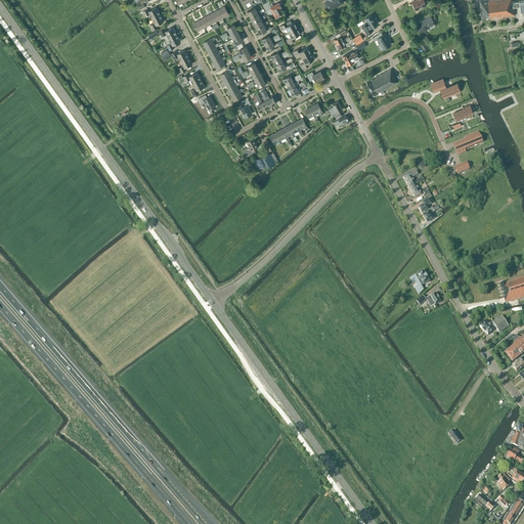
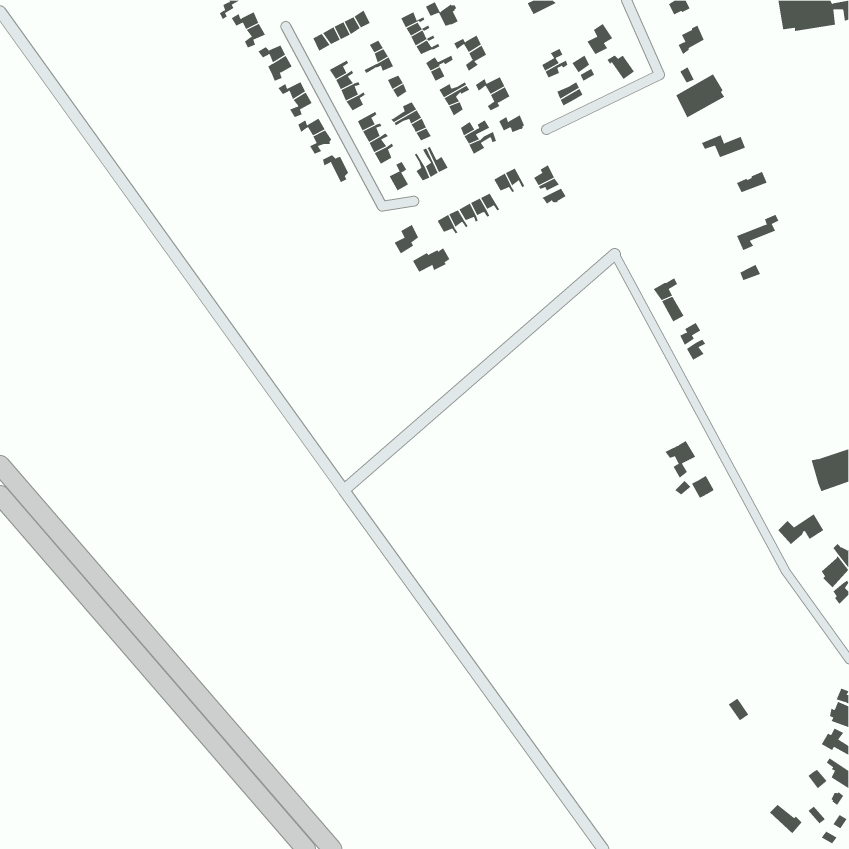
building: [366,69,397,96] -> [675,73,725,118]

